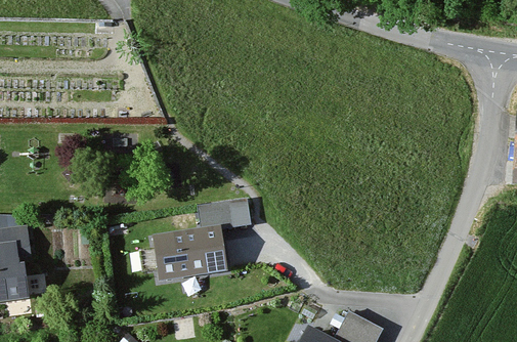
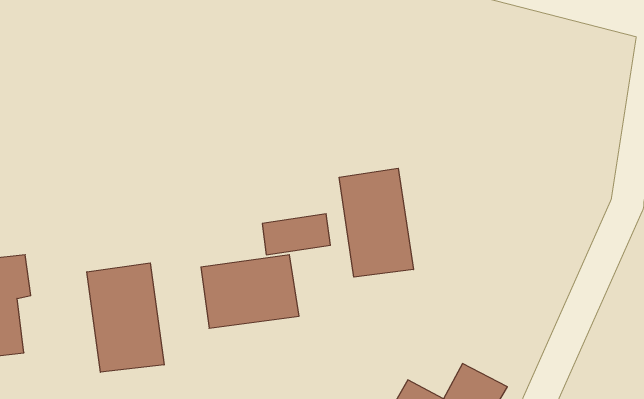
building: none -> [339,168,413,277]
building: none -> [87,263,164,372]

